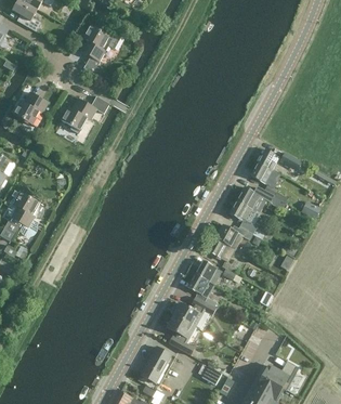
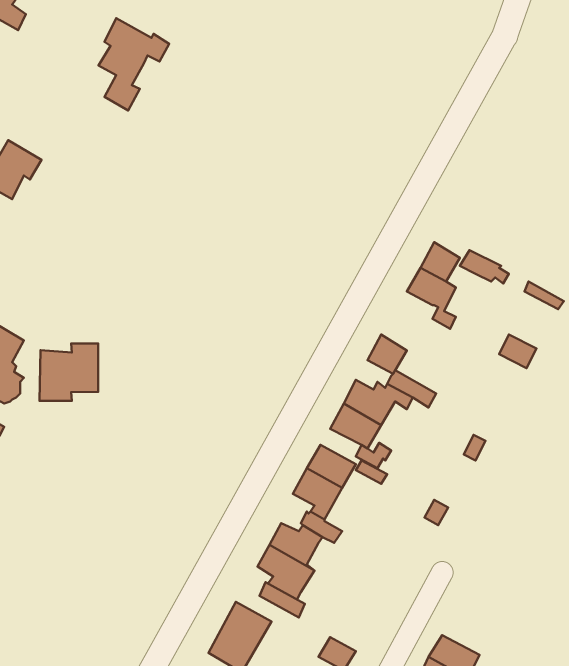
building: [61,96,108,134] -> none
building: [235,186,285,211] -> none
building: none -> [39,343,98,401]

